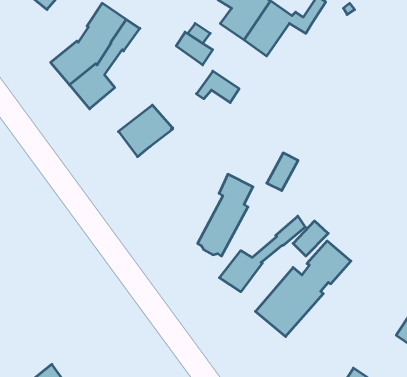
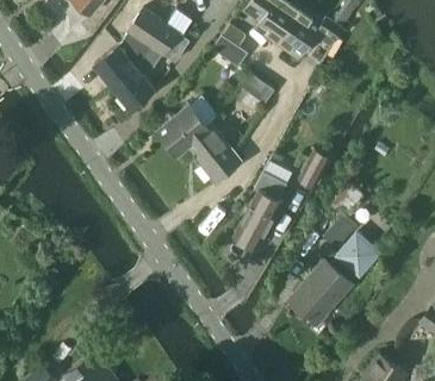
building: none -> [188,126,241,181]
building: [219,216,305,292] -> none

